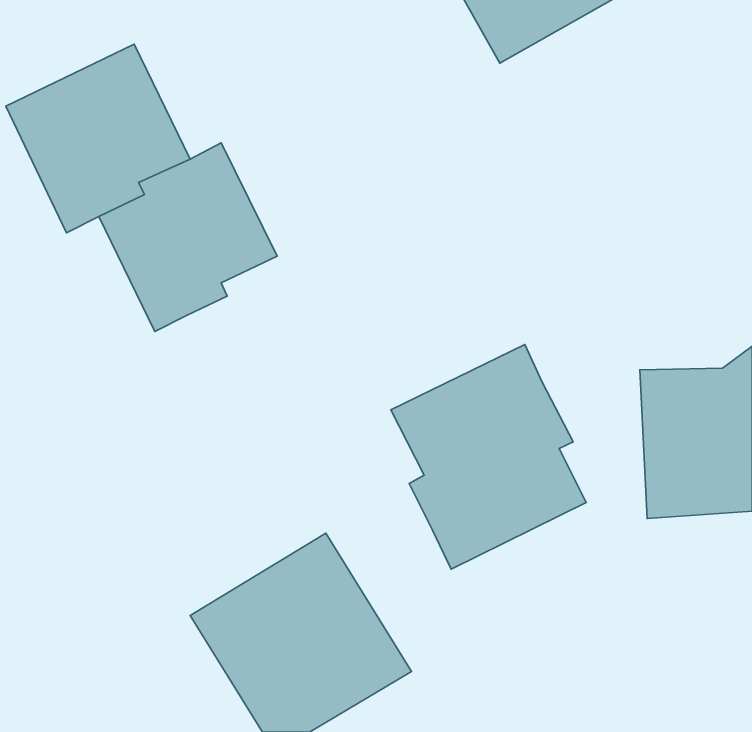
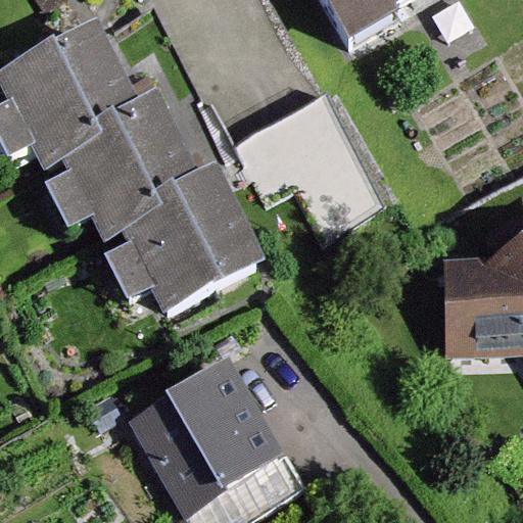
building: none -> [243,92,387,231]
building: none -> [130,168,256,298]
building: [391,345,586,569] -> none

